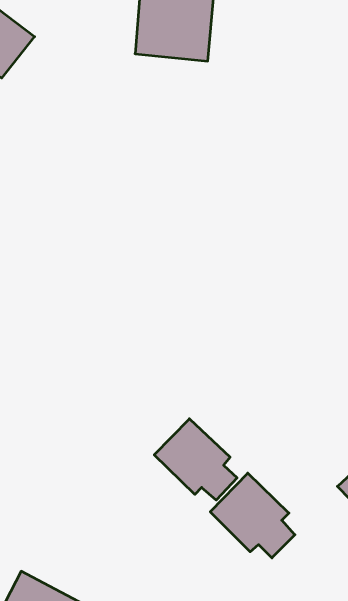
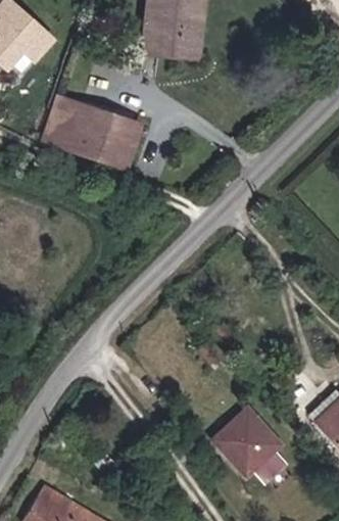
building: none -> [48,98,146,167]
building: [154,419,237,500] -> none

